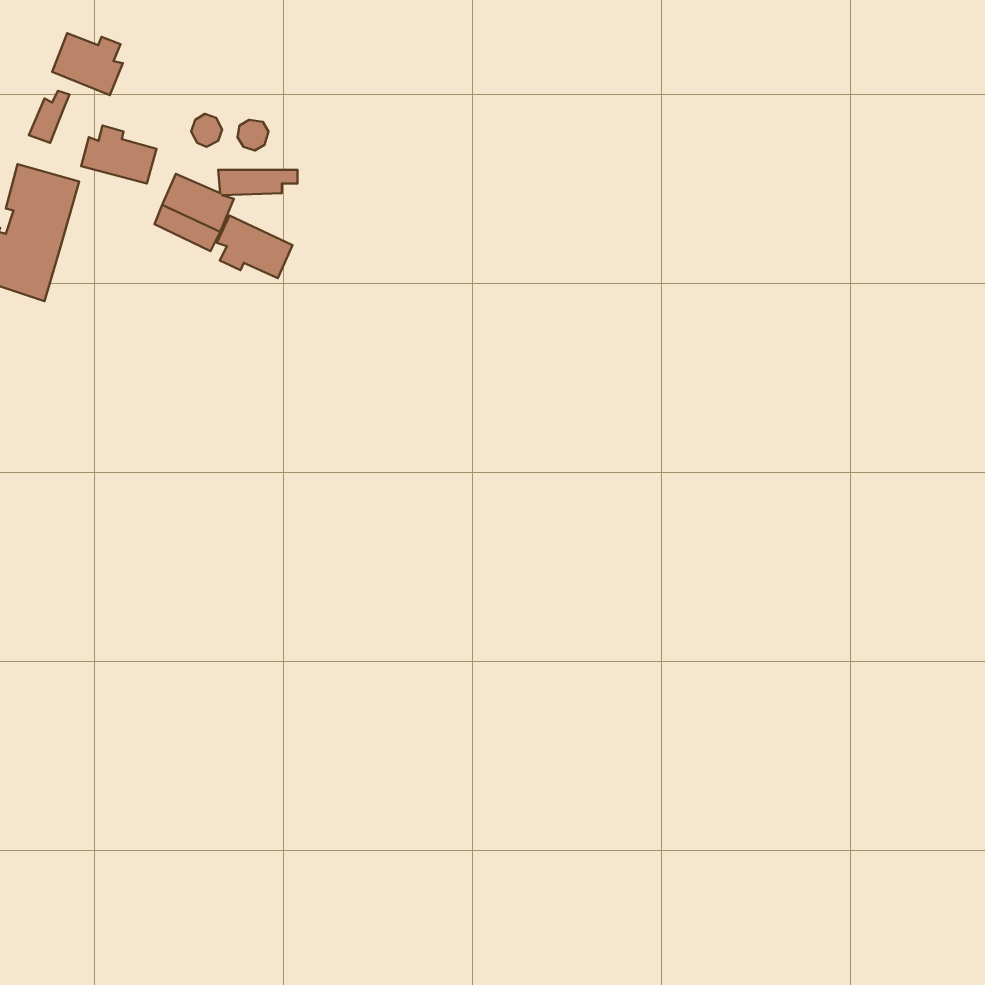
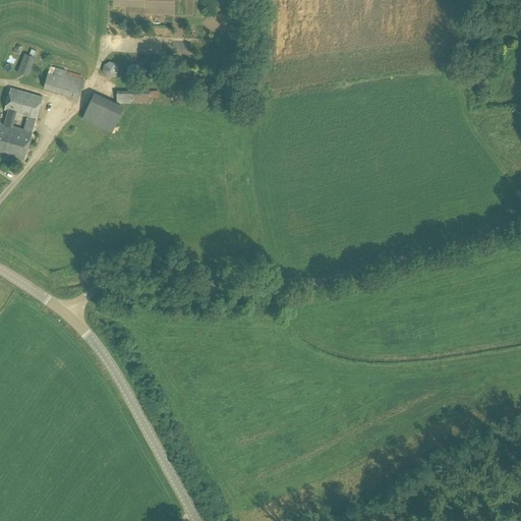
building: [52,33,123,95] -> none
building: [217,216,293,278] -> none

